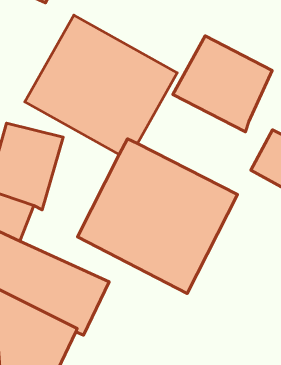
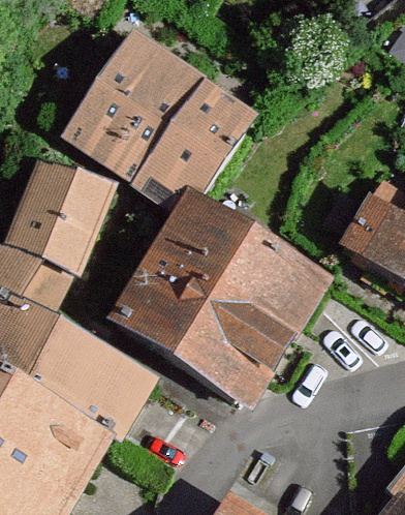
building: [173,36,272,132] -> none

